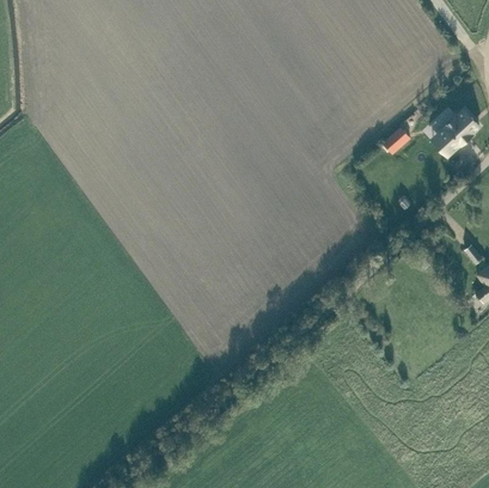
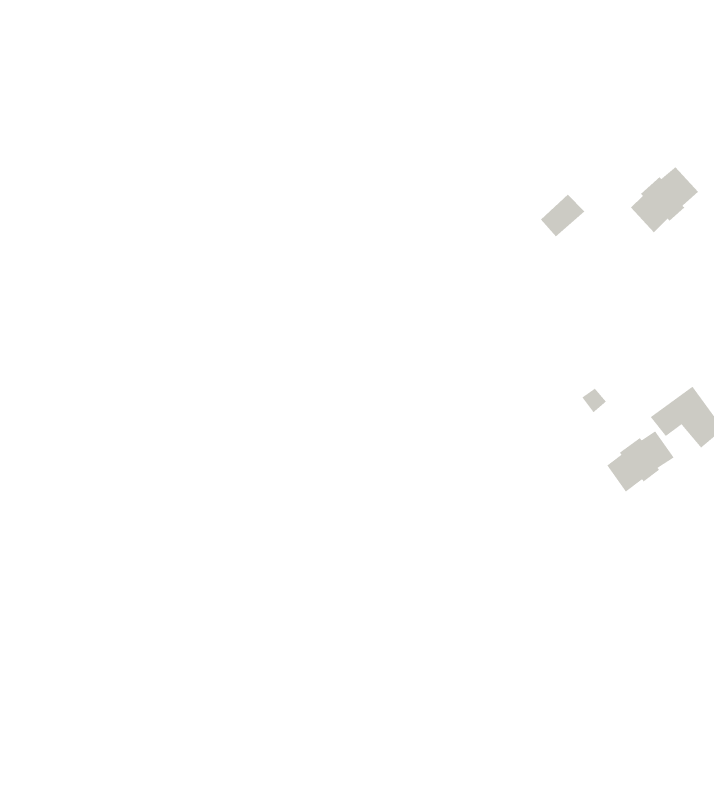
building: none -> [607,430,674,492]

